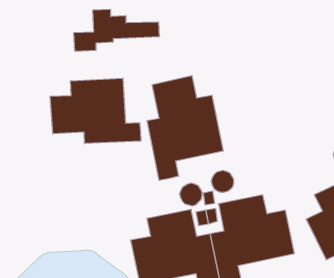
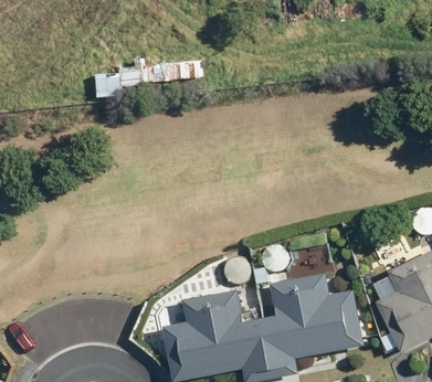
building: [147,75,223,180] -> none
building: [50,78,141,144] -> none

